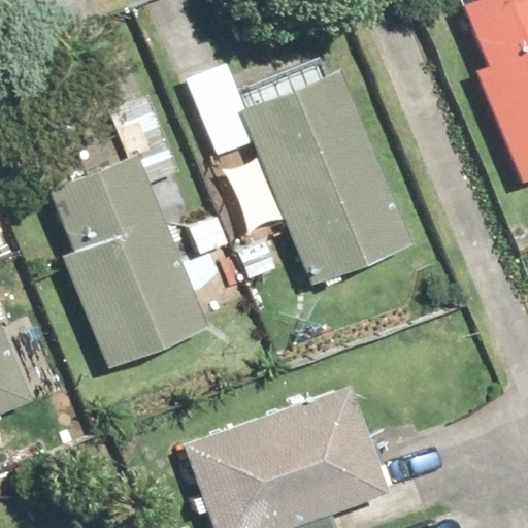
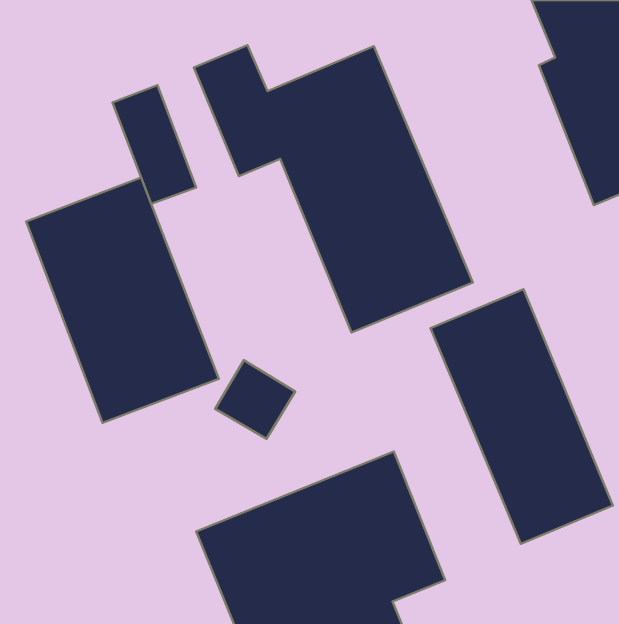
building: none -> [431,289,613,544]

